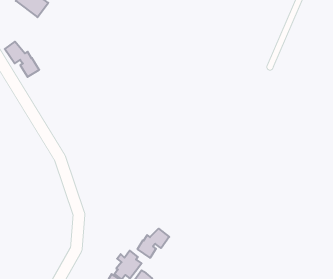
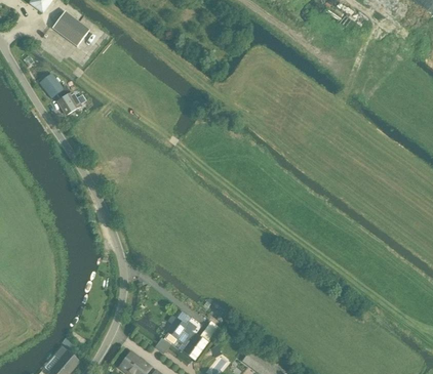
building: [138,229,169,258] -> none

